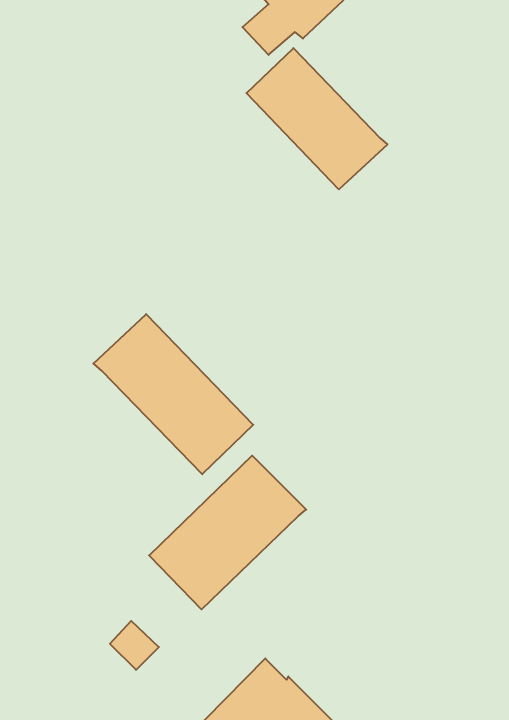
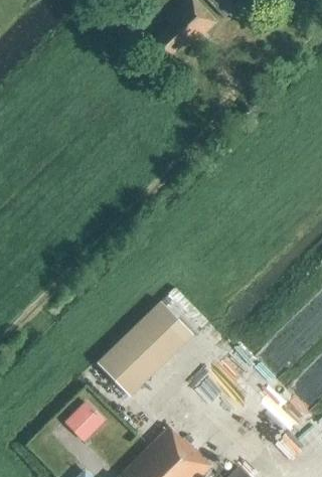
building: [246,48,387,189] -> none
building: [93,314,253,474] -> none

